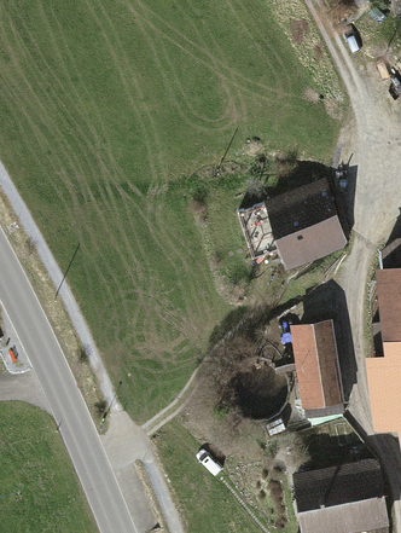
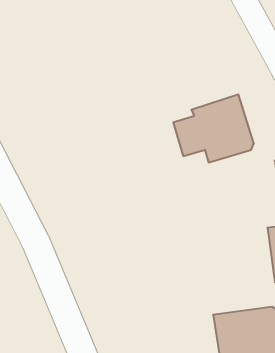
building: [290,319,345,419] -> none

